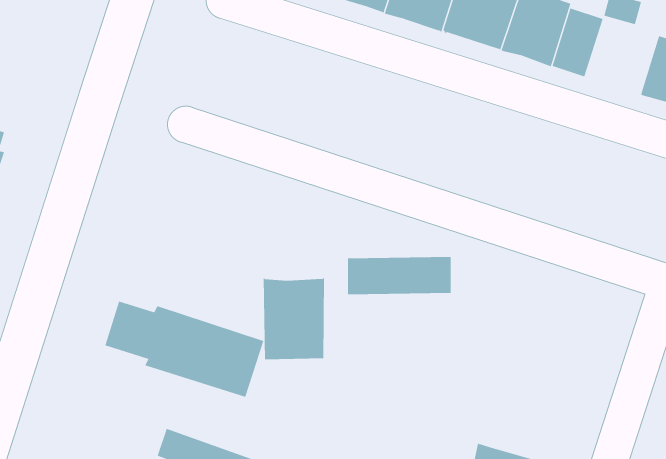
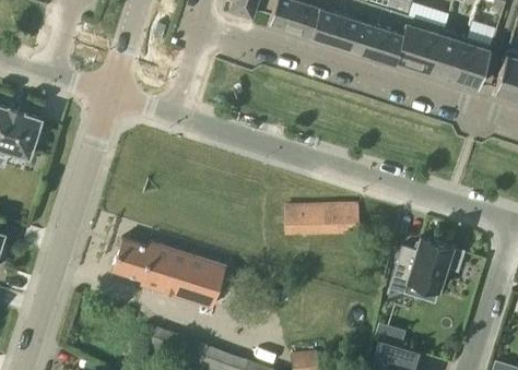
building: none -> [455,38,492,88]
building: [263,277,324,360] -> none
building: none -> [390,239,464,295]

